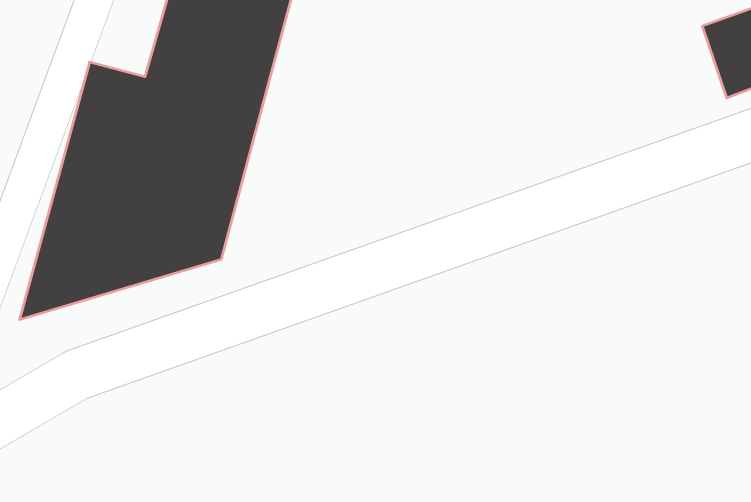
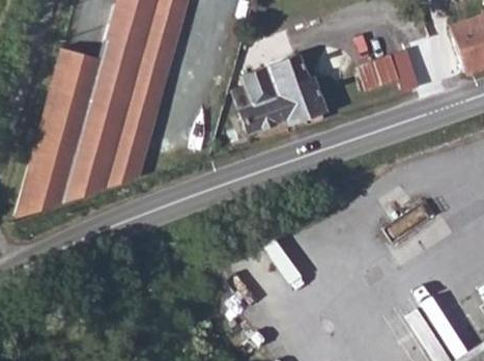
building: none -> [358,54,401,92]
building: none -> [237,55,328,134]

